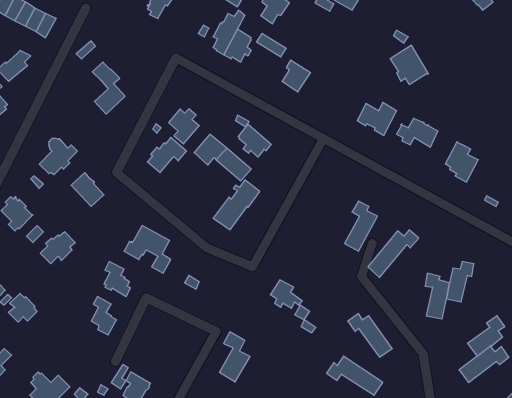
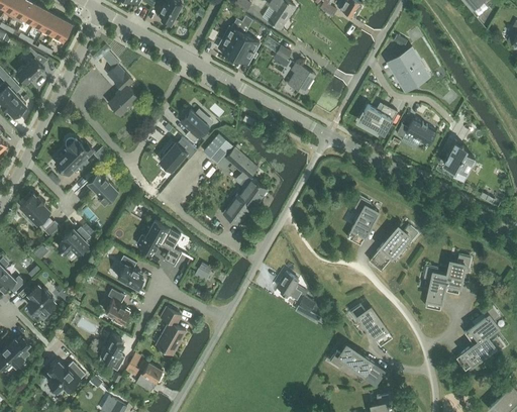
building: [238,124,271,157] -> none
building: [219,332,250,382] -> [157,307,186,354]
building: none -> [99,334,125,371]

